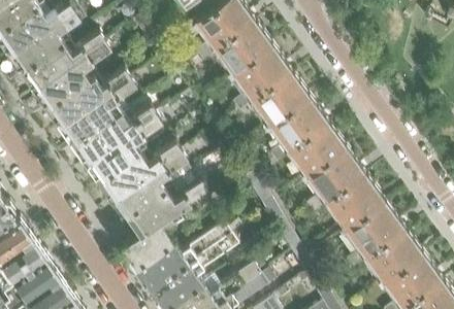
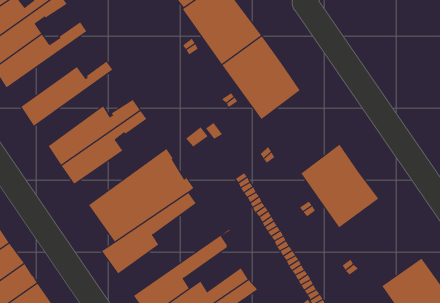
building: [30,41,112,112] -> none
building: [56,77,138,149] -> none
building: [270,97,345,175] -> none
building: [94,142,182,205] -> none
building: [347,203,422,281] -> none
building: [135,222,240,290] -> none

